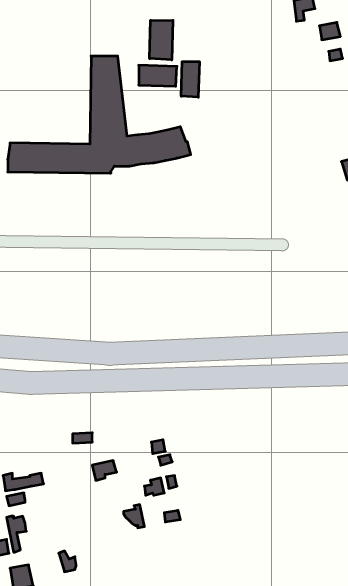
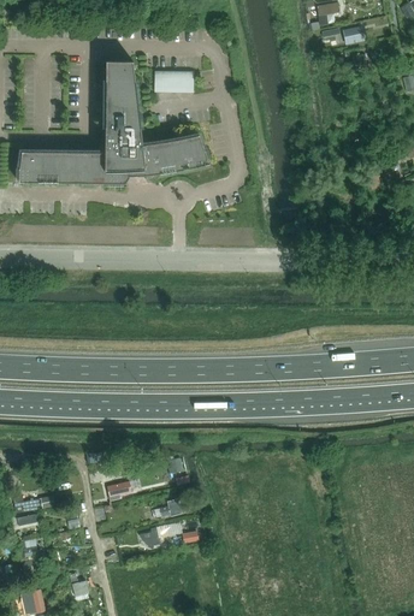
building: [150,20,173,60] -> none
building: [181,62,199,97] -> none

